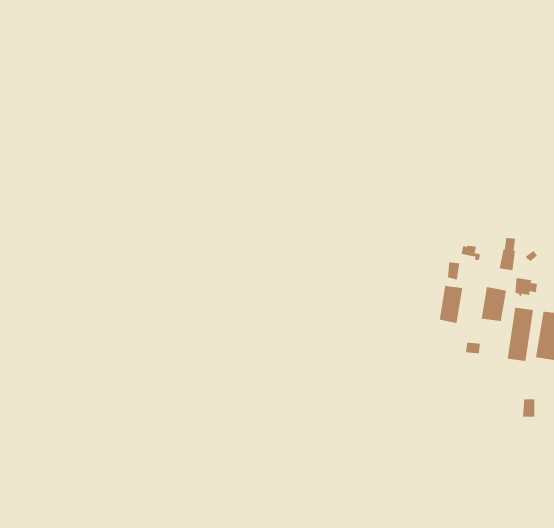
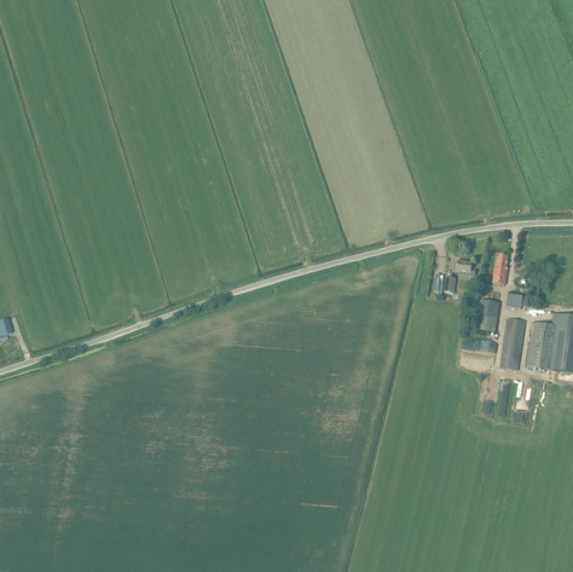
building: [439,285,463,324] -> none

